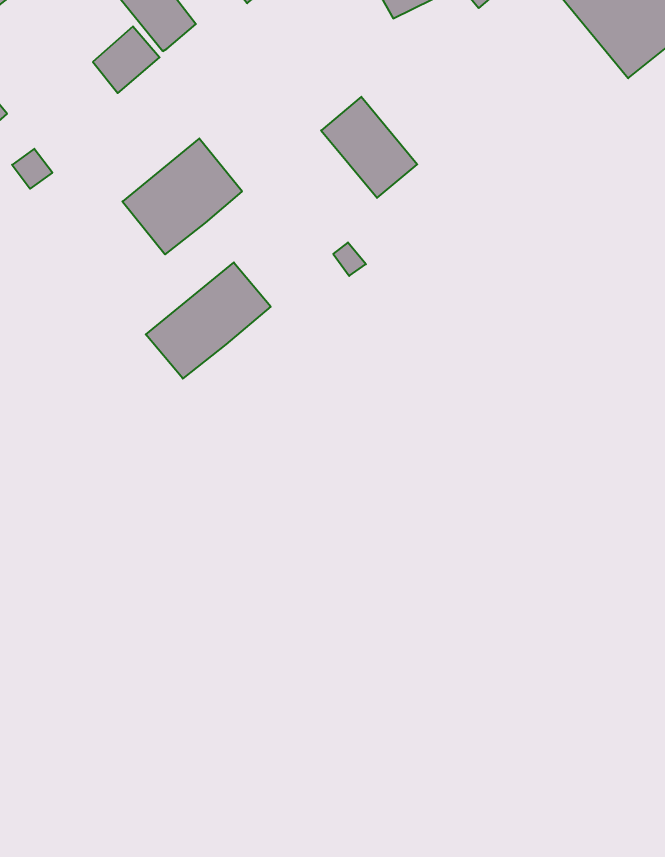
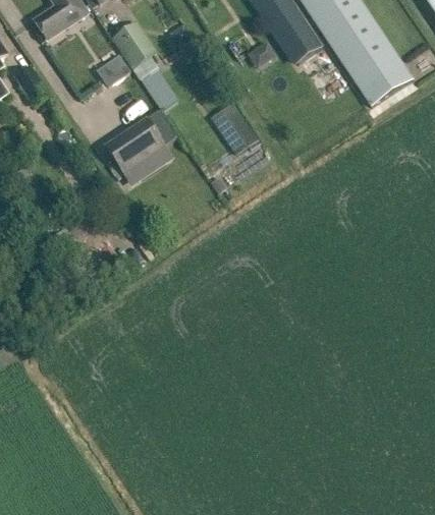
building: none -> [135,56,166,99]
building: [146,262,271,379] -> none

